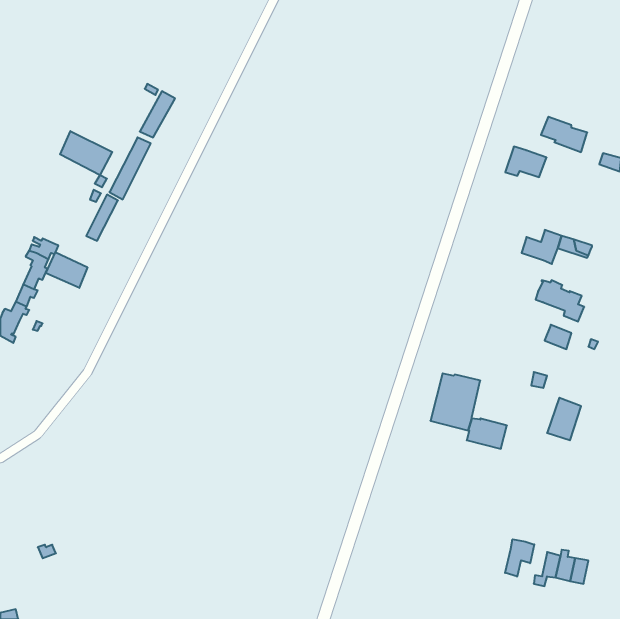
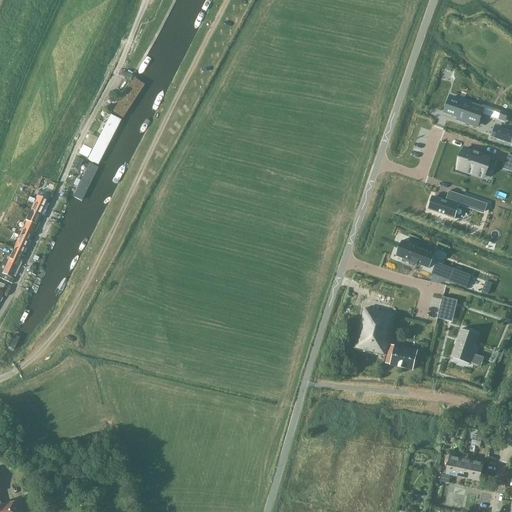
building: [60,131,112,175] -> none
building: [505,147,547,177] -> [457,147,491,172]
building: [46,252,87,288] -> none
building: [536,280,584,322] -> [397,239,437,273]
building: [505,539,534,577] -> none

